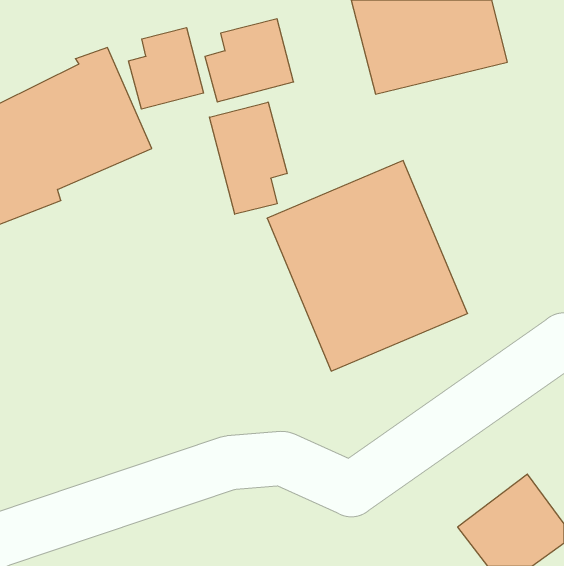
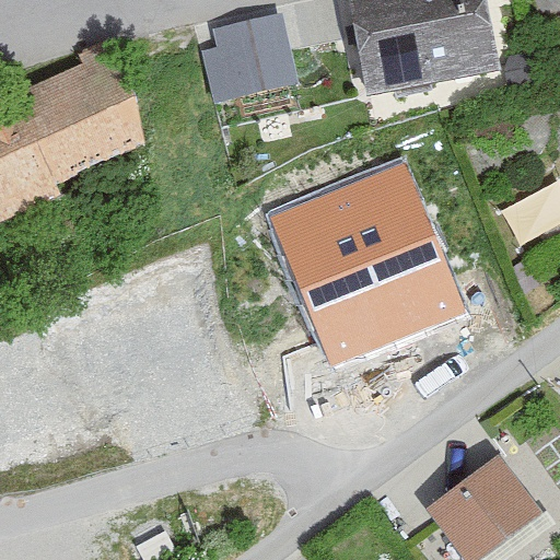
building: [129,28,204,109] -> none
building: [209,102,287,214] -> none

